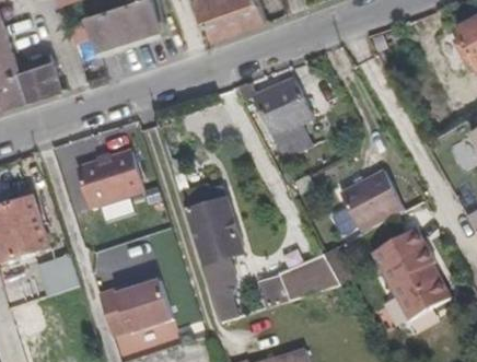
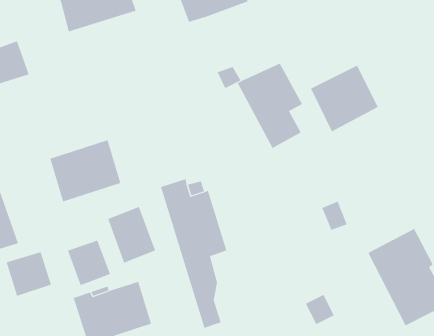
building: [342,173,406,235] -> [310,65,379,132]
building: none -> [107,206,156,263]
building: [281,258,340,302] -> none

